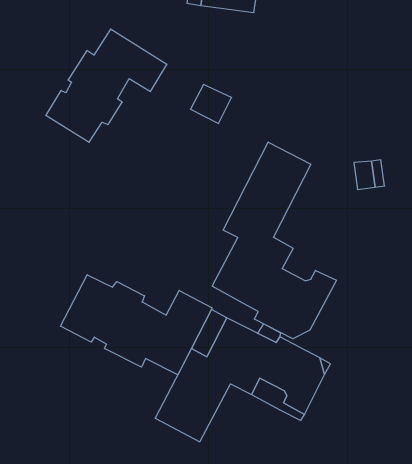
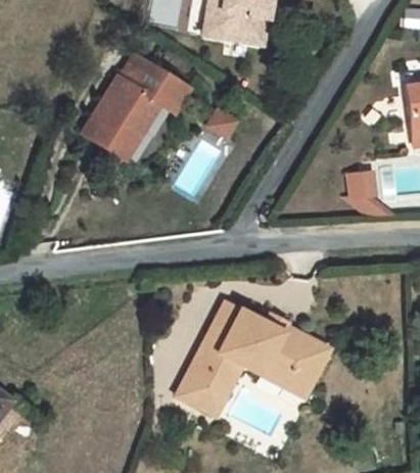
building: [212,142,336,339] -> none
building: [61,275,212,375] -> none

